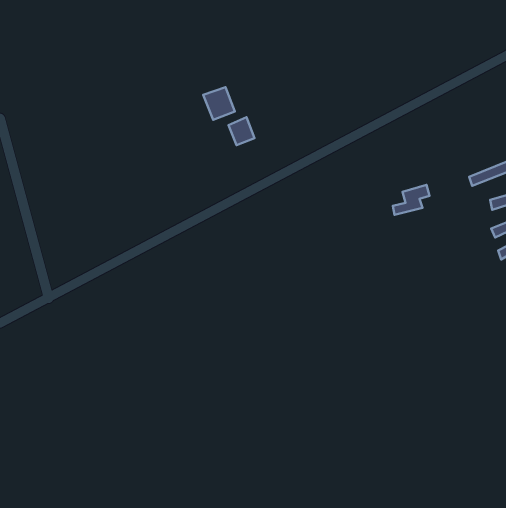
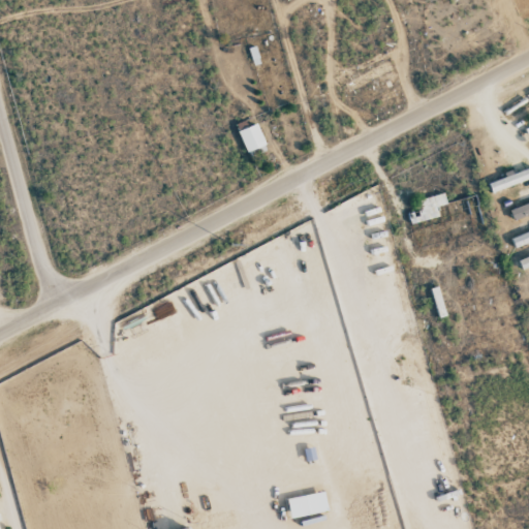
building: [203,87,235,120] -> none
building: none -> [288,491,330,518]

